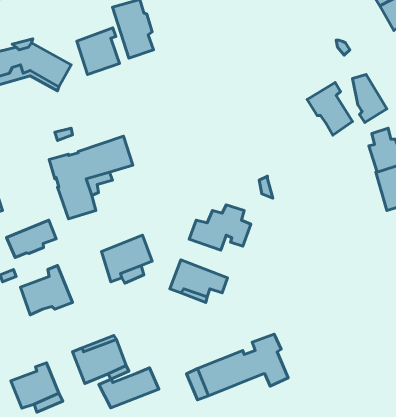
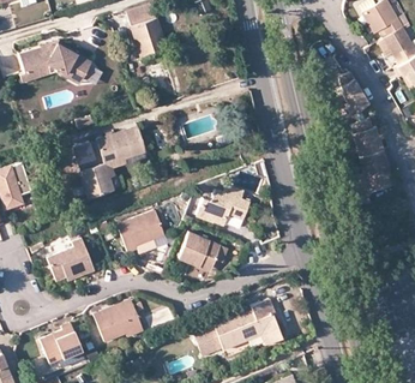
building: [77,28,120,75] -> none
building: [307,82,353,135] -> none
building: [6,220,56,258] -> none
building: [99,368,159,408] -> none

